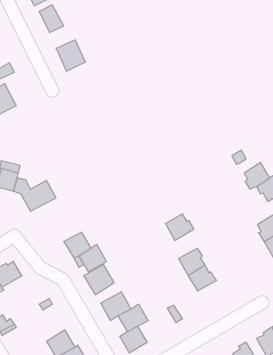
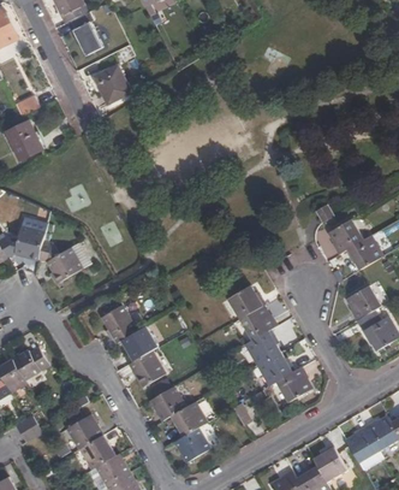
building: none -> [243,306,279,338]
building: none -> [278,366,311,400]
building: none -> [67,412,103,447]

